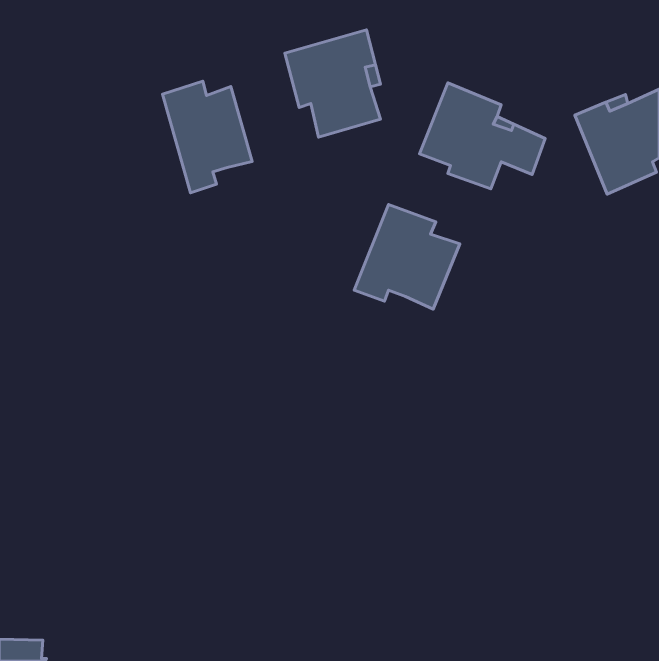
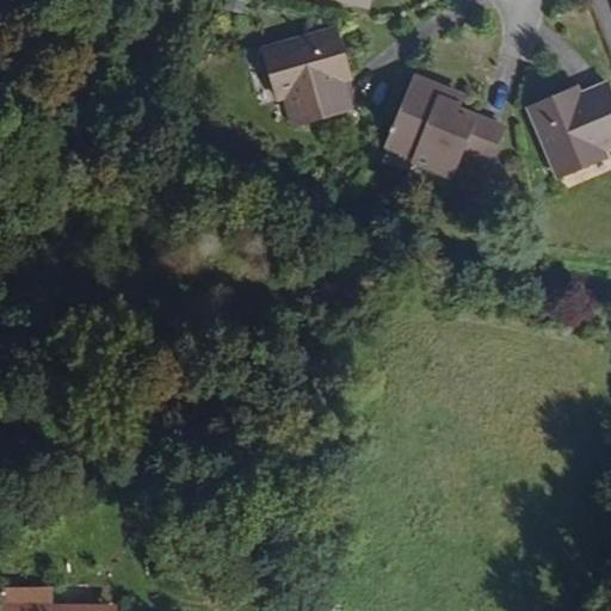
building: [162,81,252,193] -> none
building: [354,205,460,309] -> none

